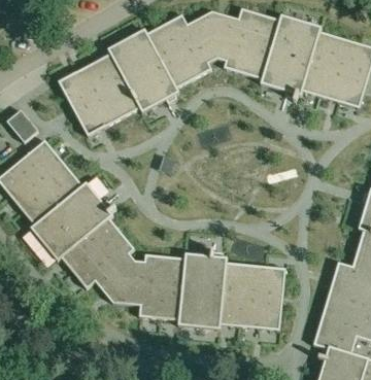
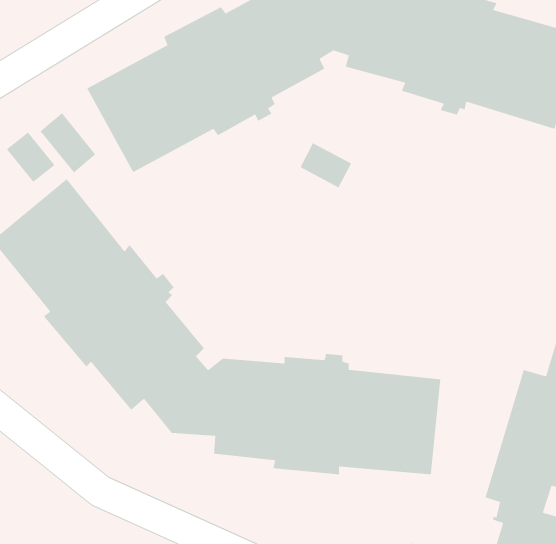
building: none -> [40,112,96,173]
building: none -> [300,142,352,189]

